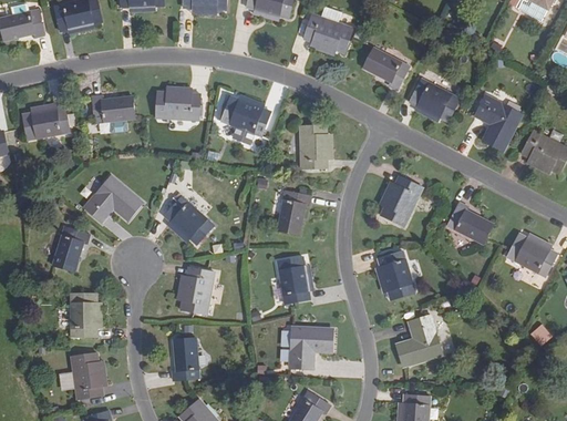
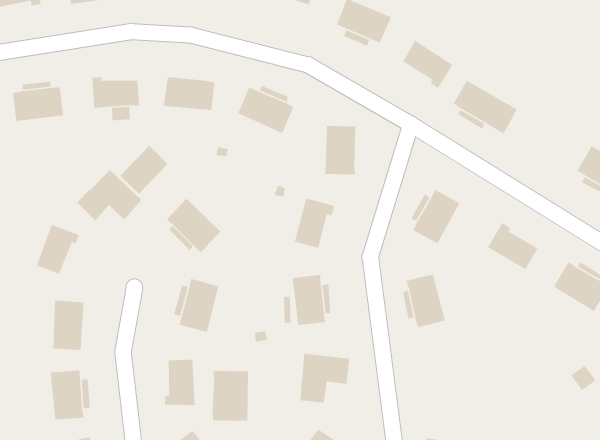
building: [474,95,520,151] -> none
building: none -> [119,145,168,195]
building: [395,315,441,367] -> none
building: none -> [212,370,249,422]

